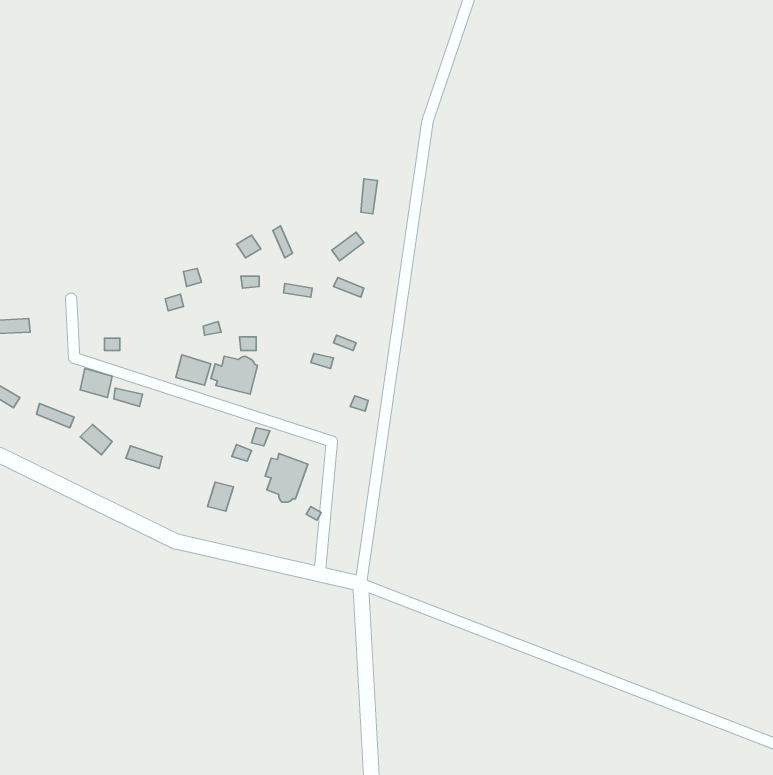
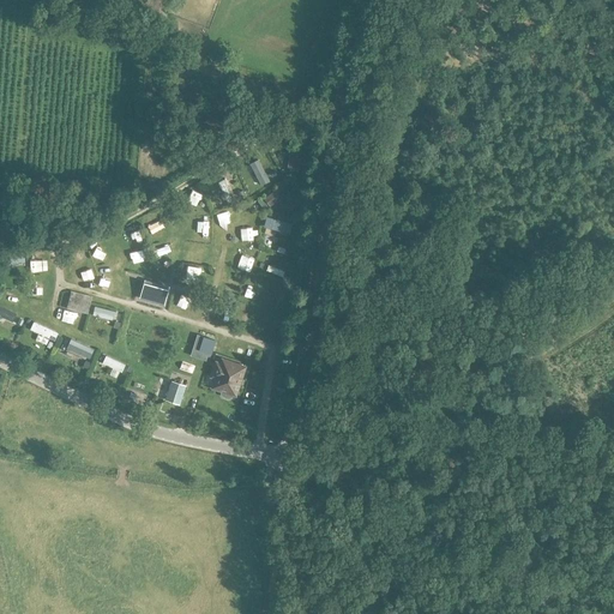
building: [211,356,258,394] -> none

